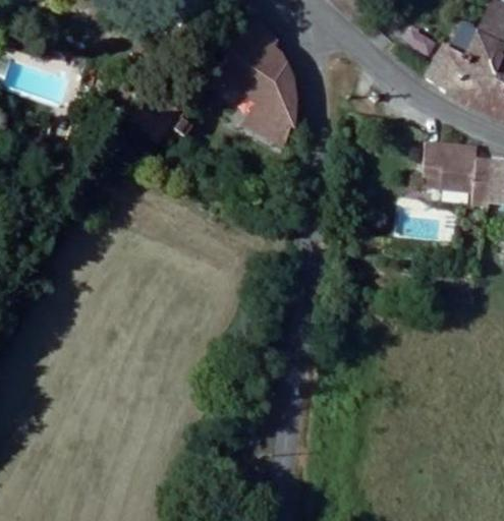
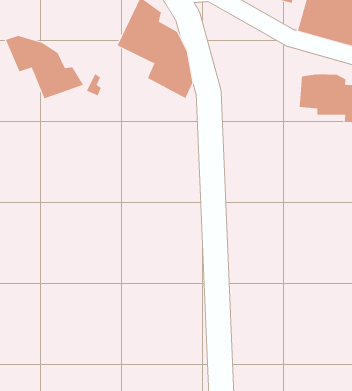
building: none -> [5,35,84,99]

